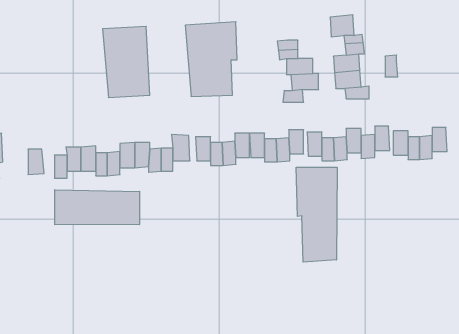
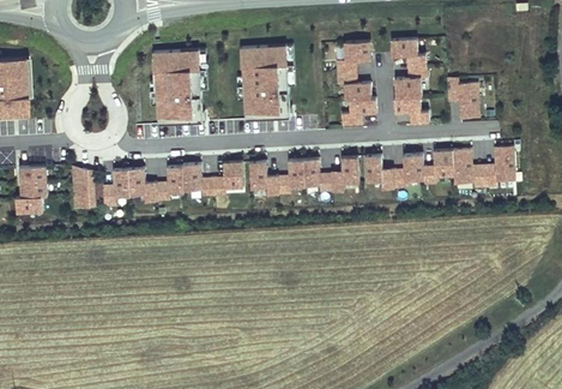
building: none -> [344,42,370,62]
building: none -> [459,84,476,119]
building: [296,167,337,262] -> none
building: [55,190,140,225] -> none

